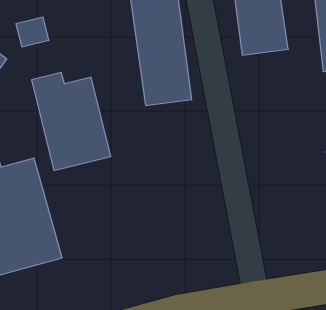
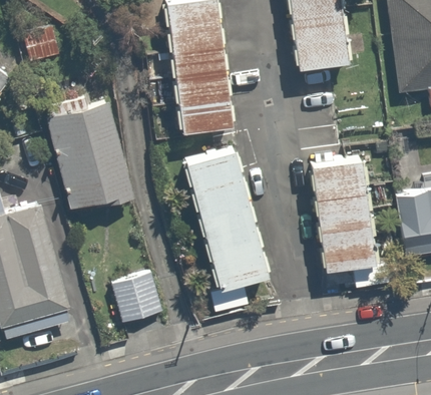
building: none -> [182,143,271,290]
building: none -> [313,157,384,291]
building: none -> [109,271,165,325]

